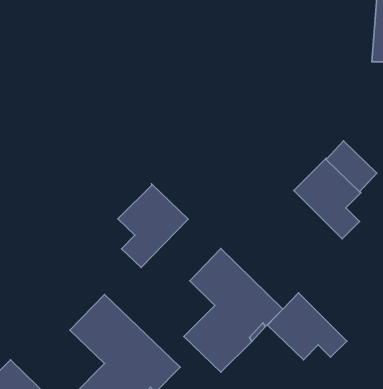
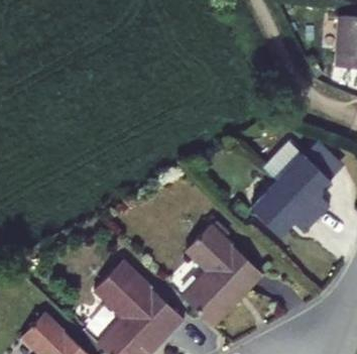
building: [118,184,188,268] -> none
building: [267,293,347,360] -> [249,178,314,232]

